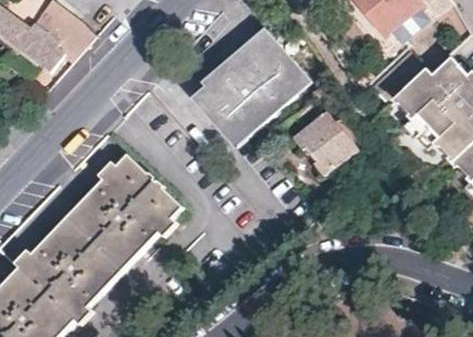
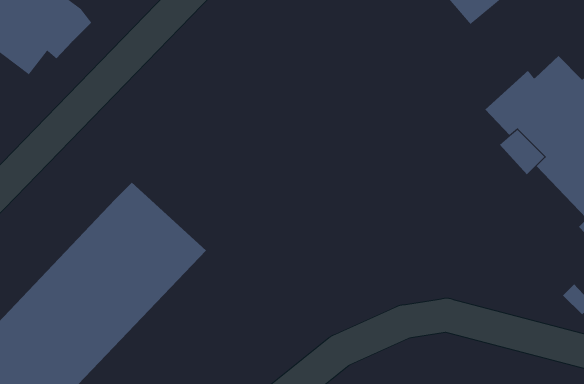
building: [192,30,305,142] -> none
building: [293,113,357,175] -> none

